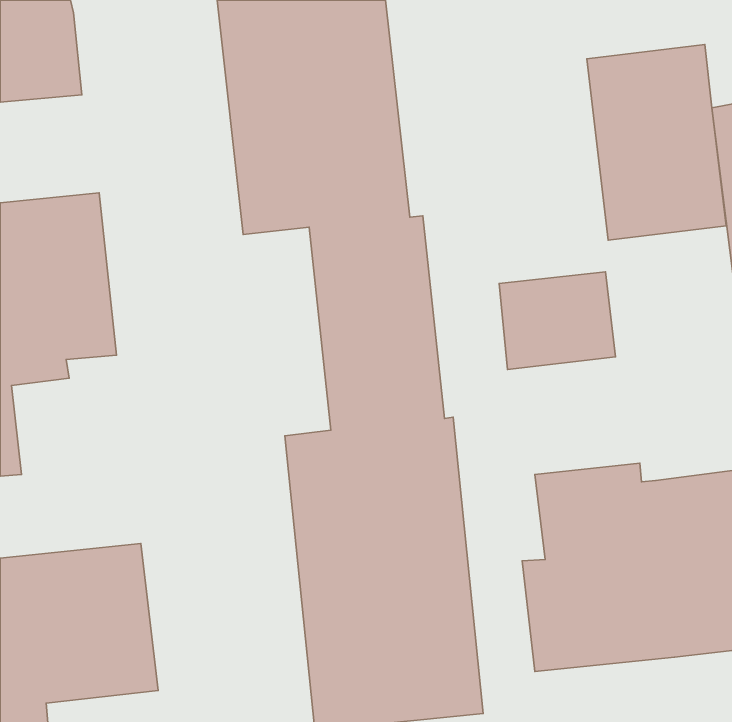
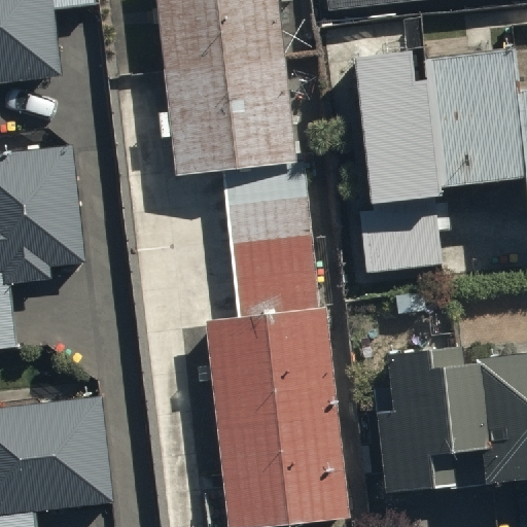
building: none -> [351,44,430,197]

